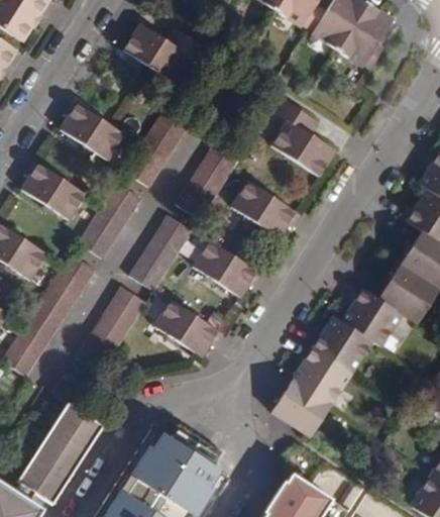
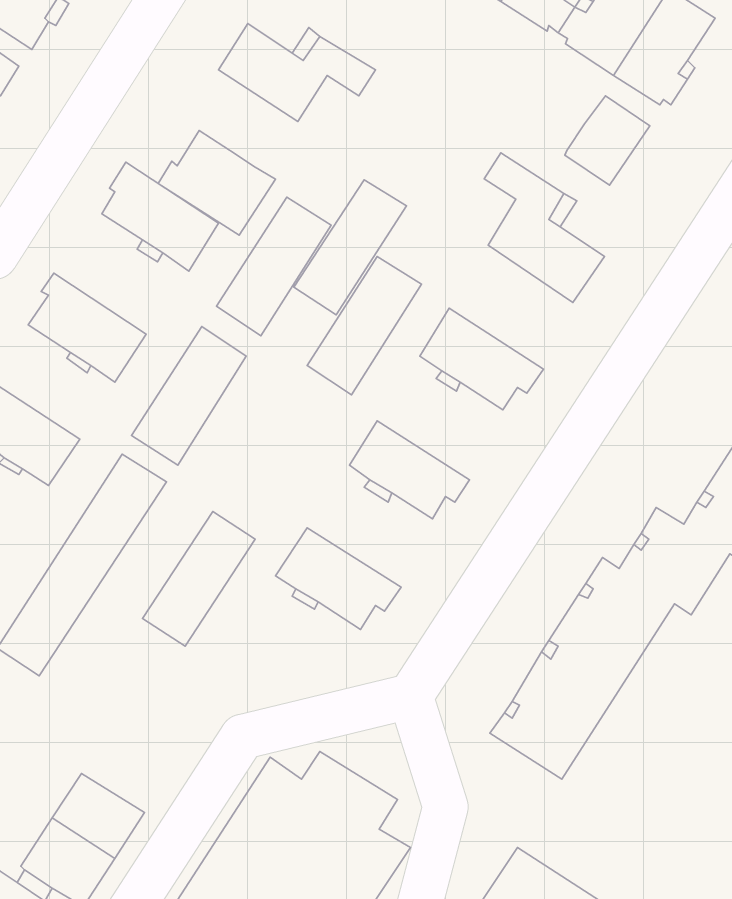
building: none -> [565,96,650,185]
building: none -> [158,130,275,235]
building: [126,222,188,296] -> [294,180,406,315]
building: [48,382,101,454] -> none

